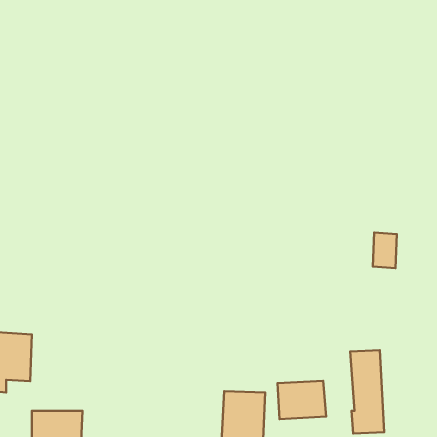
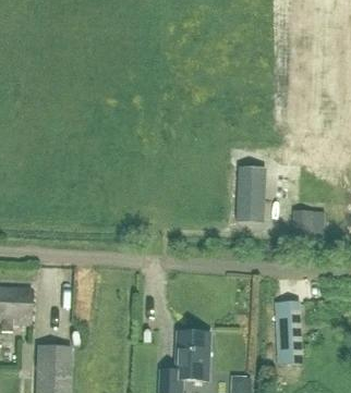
building: none -> [237,165,262,221]
building: [278,381,326,419] -> none

